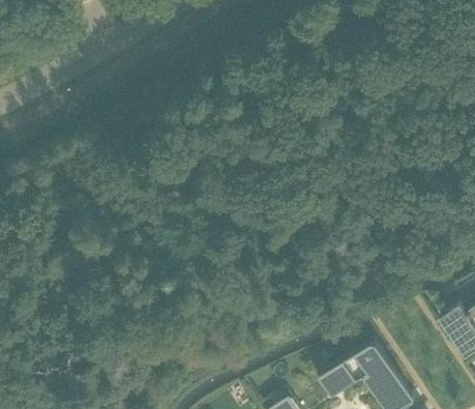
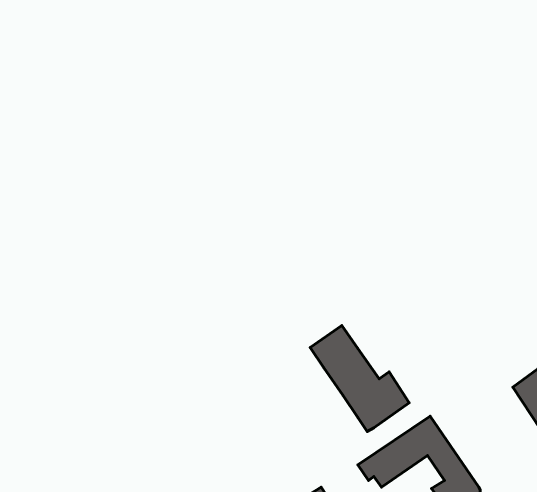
building: none -> [310,326,409,431]

